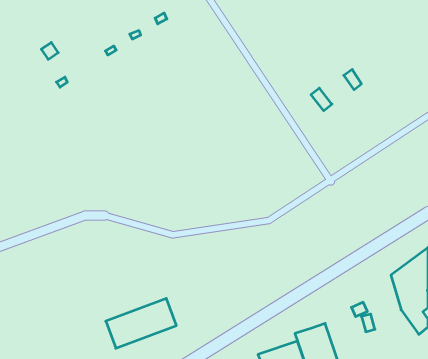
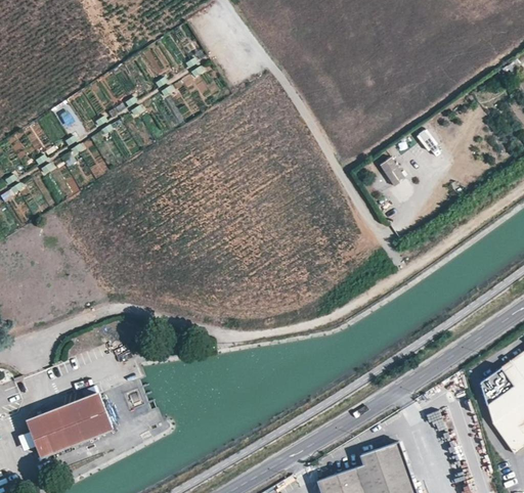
building: [106,298,176,348] -> [27,394,113,454]

